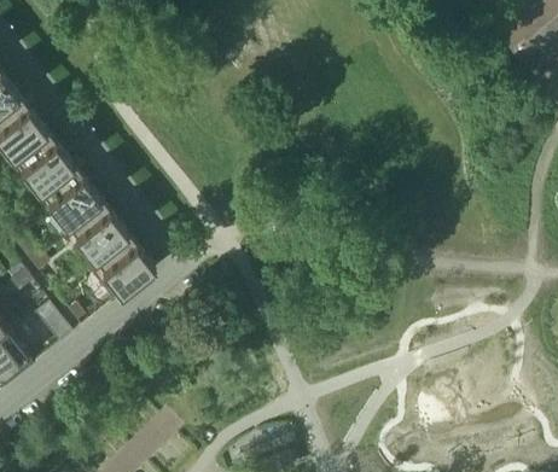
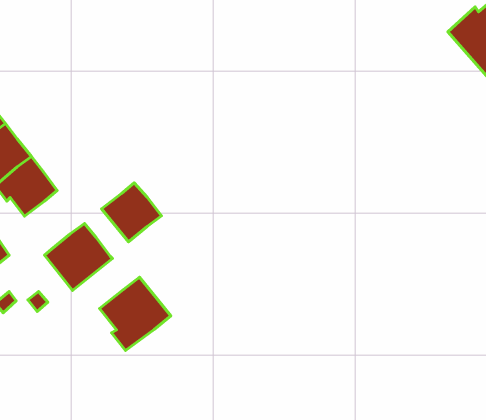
building: [64,198,126,258] -> [101,183,161,242]
building: none -> [99,277,171,350]

